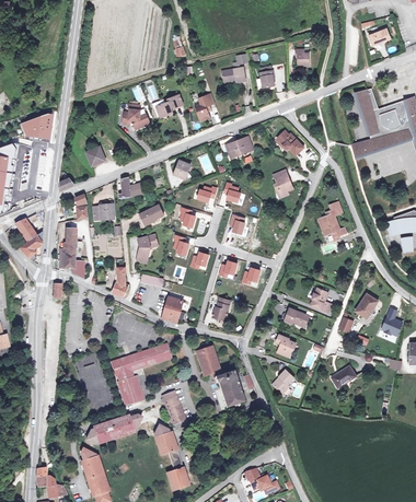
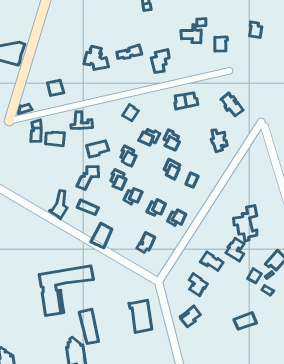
building: [317,200,346,241] -> [234,206,257,241]
building: [62,237,84,278] -> none
building: [195,346,219,376] -> none
building: [85,415,140,443] -> none

